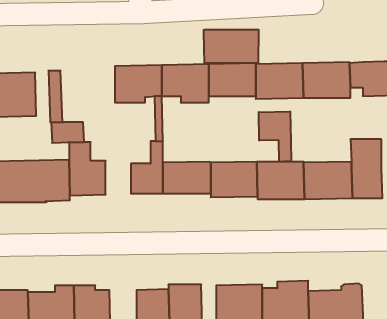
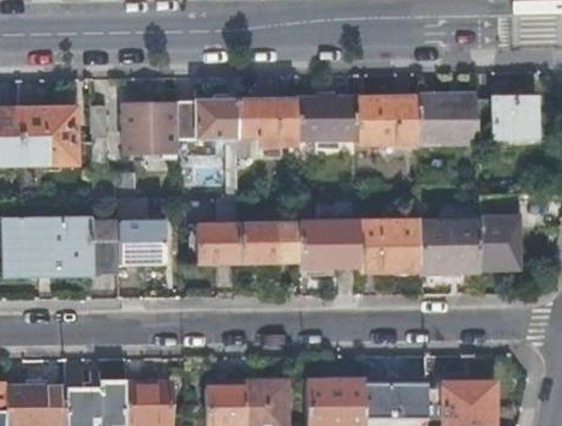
building: [204,30,259,63] -> none
building: none -> [126,102,179,151]
building: [259,111,291,162] -> none

